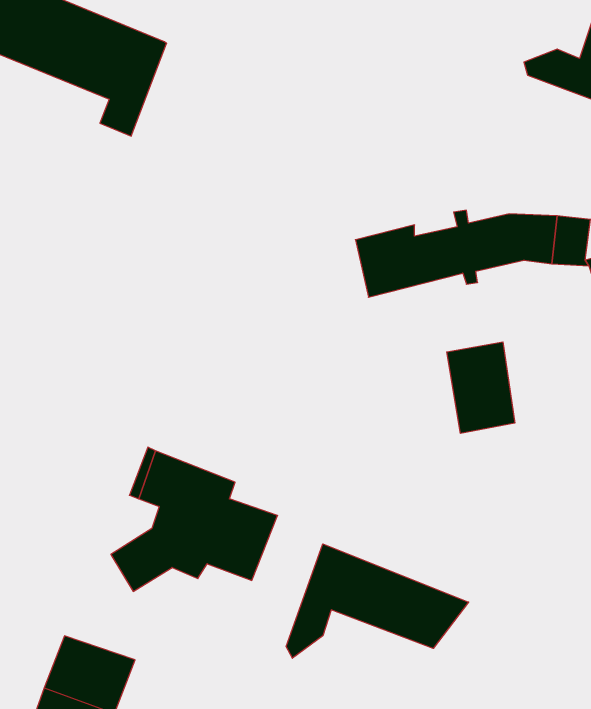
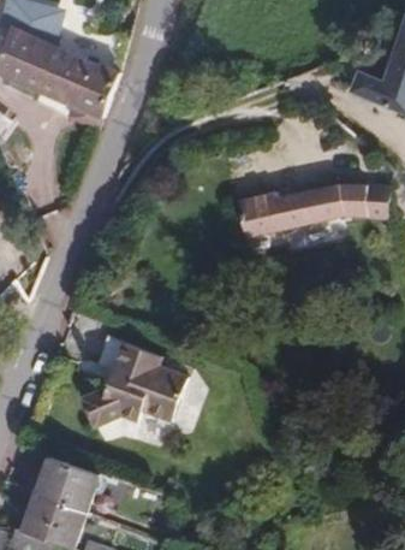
building: [447,342,515,433] -> none
building: [286,544,469,658] -> none

